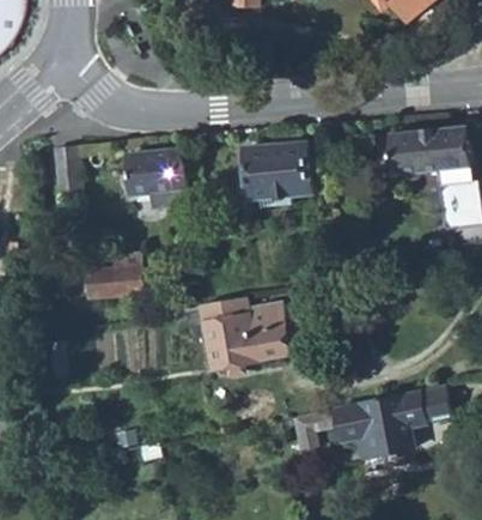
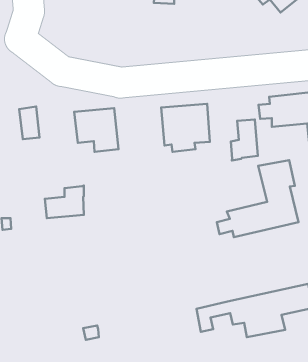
building: none -> [231,119,258,161]
building: none -> [217,160,298,237]
building: [194,297,319,369] -> none

